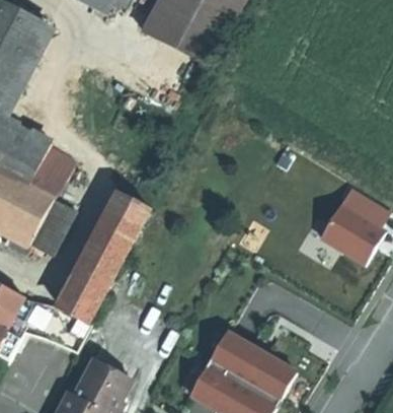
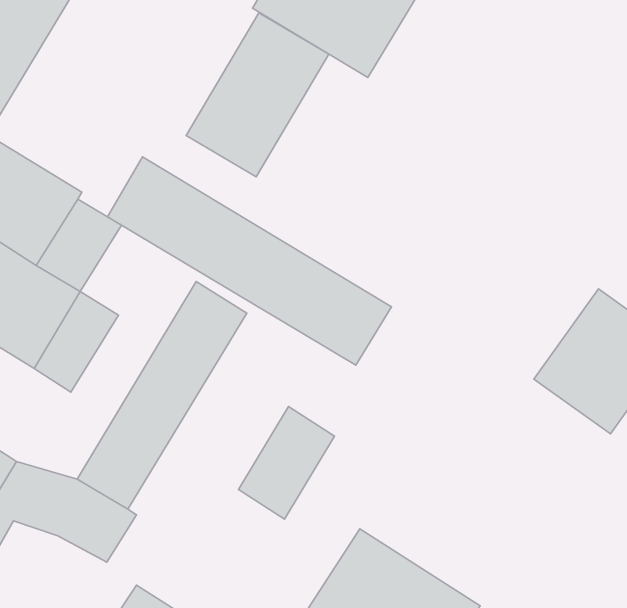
building: none -> [186,13,329,177]
building: none -> [108,157,392,365]
building: none -> [239,407,335,519]

